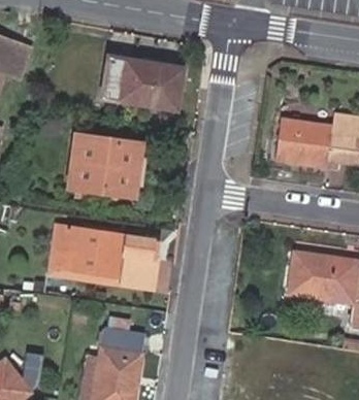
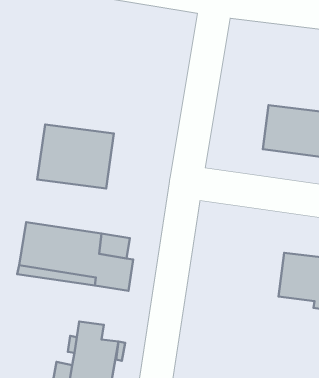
building: [103,57,183,108] -> none

